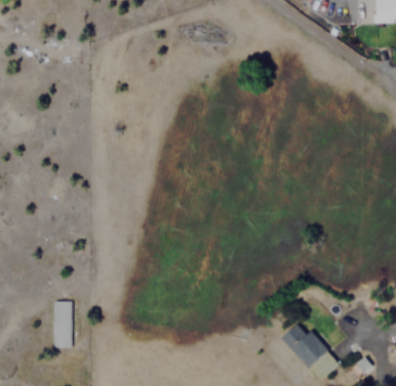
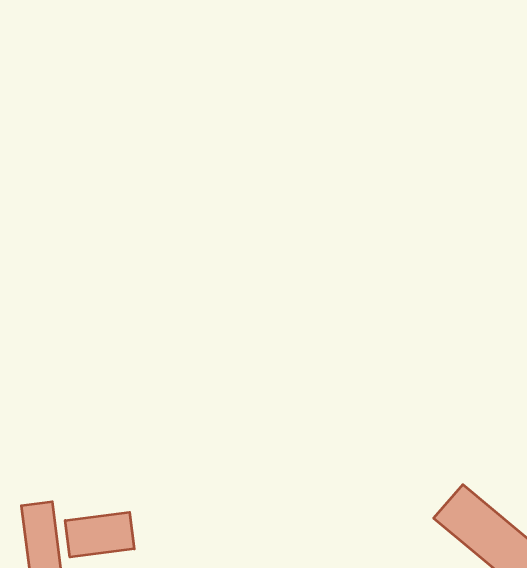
building: none -> [65,512,134,557]

